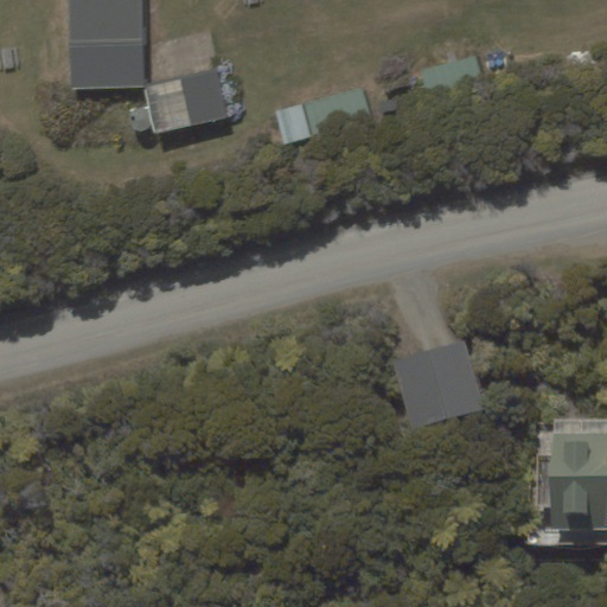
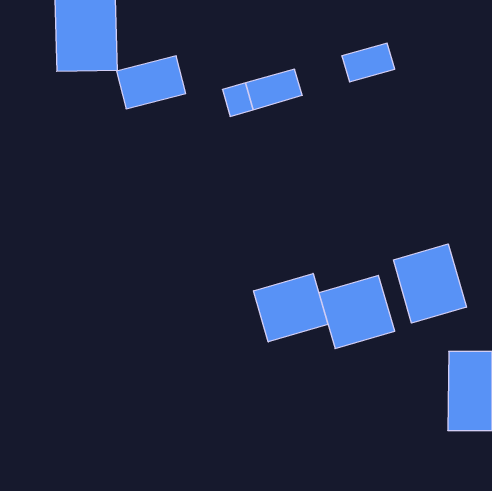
building: none -> [393,244,466,323]
building: none -> [254,273,328,342]

